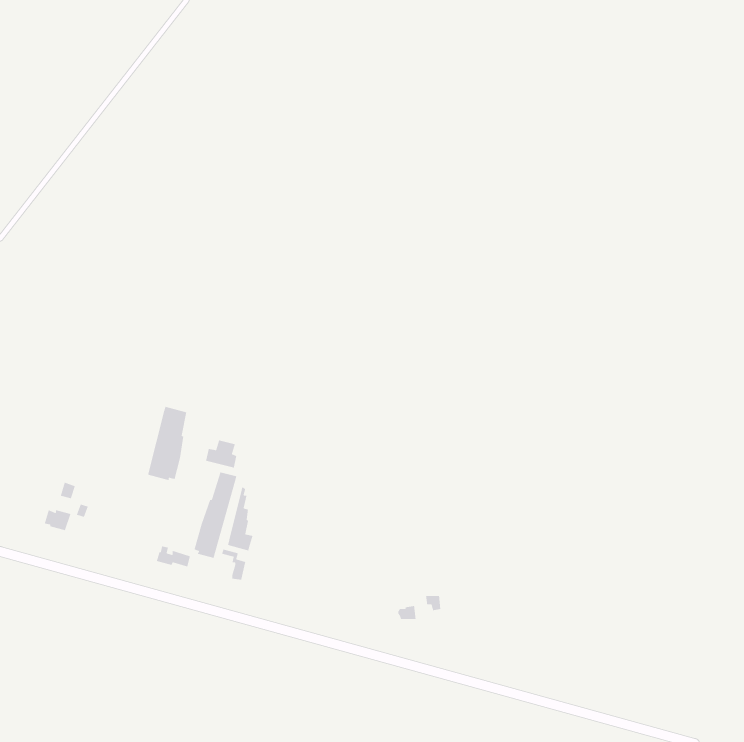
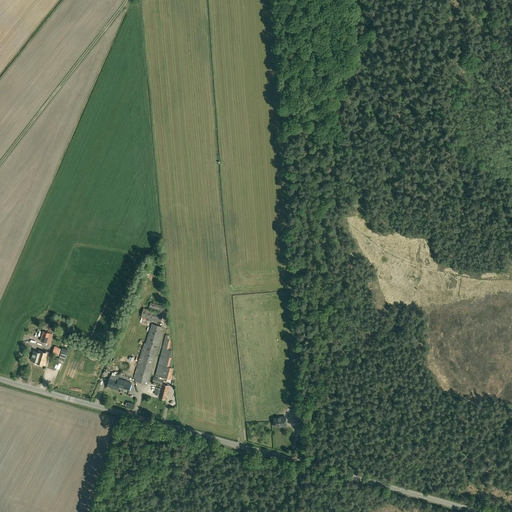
building: [147,406,187,481] -> none

